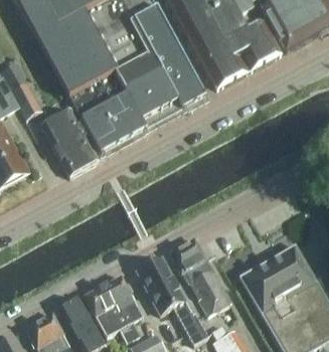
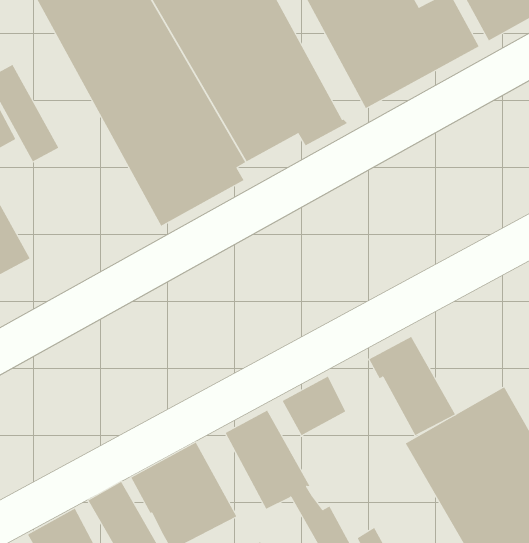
building: [40,108,98,176] -> none
building: [181,258,230,315] -> [369,336,456,436]

